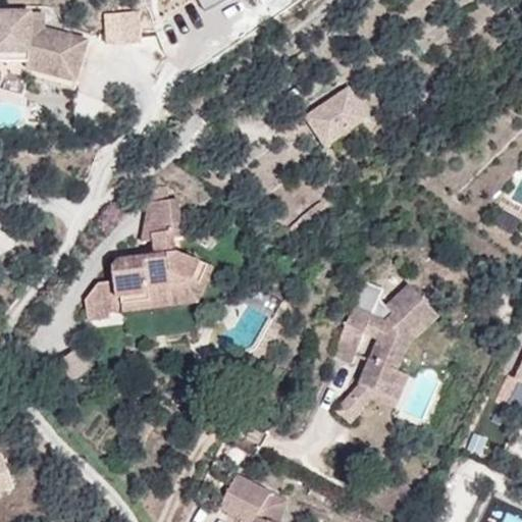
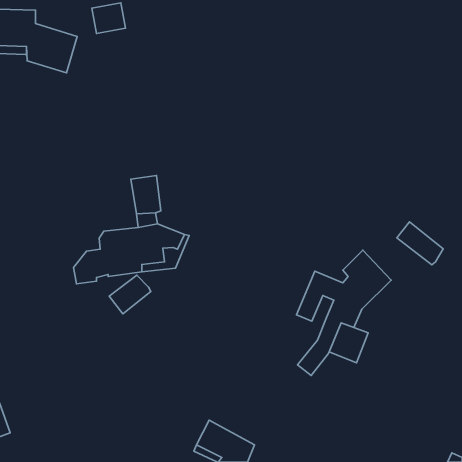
building: [304,87,366,145] -> none
building: none -> [397,222,443,265]
building: none -> [109,275,151,314]

